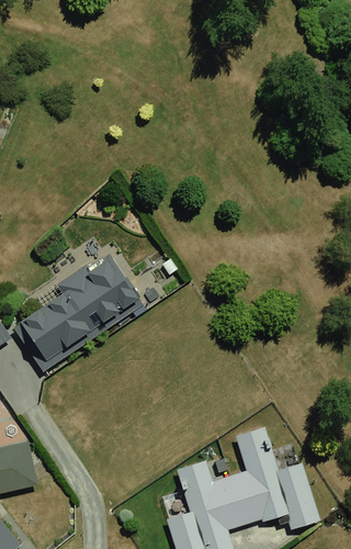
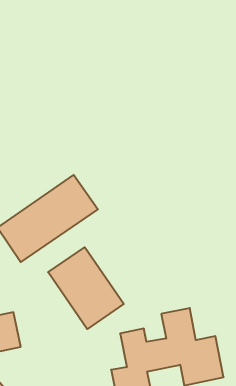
building: none -> [48,247,124,329]

